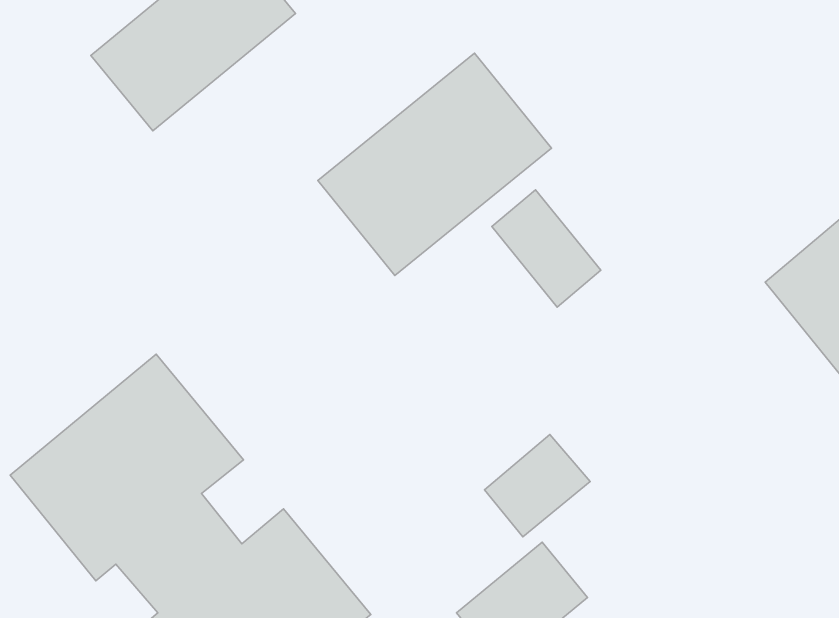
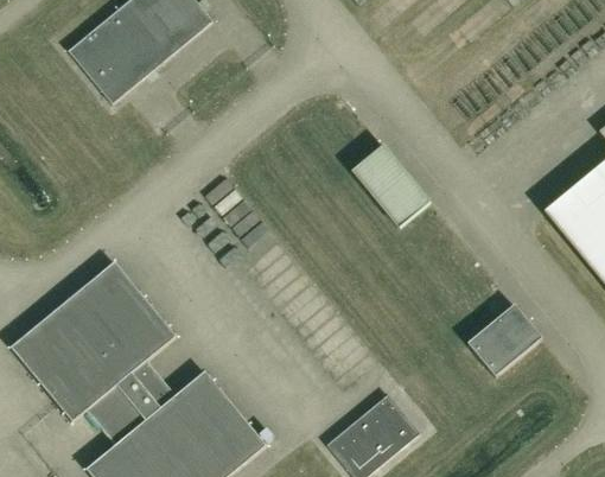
building: [318,53,552,275] -> none
building: [484,435,590,537] -> [467,304,542,376]

